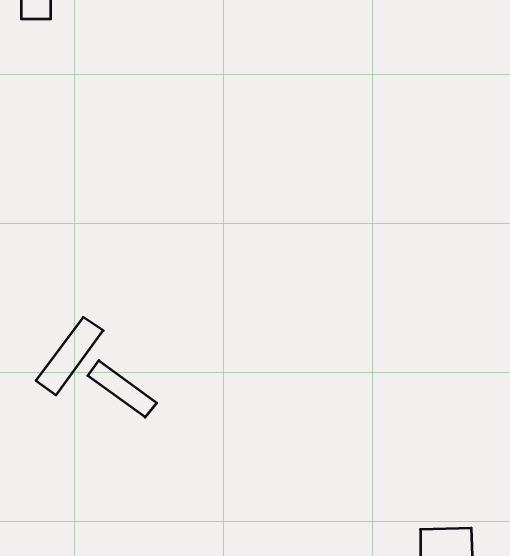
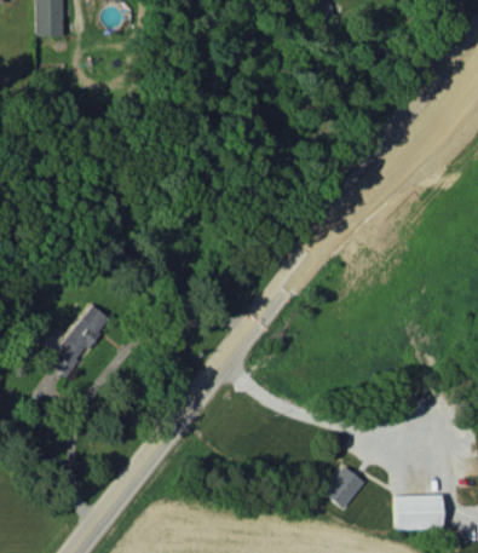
building: [88,360,157,417] -> none
building: none -> [323,465,365,508]

